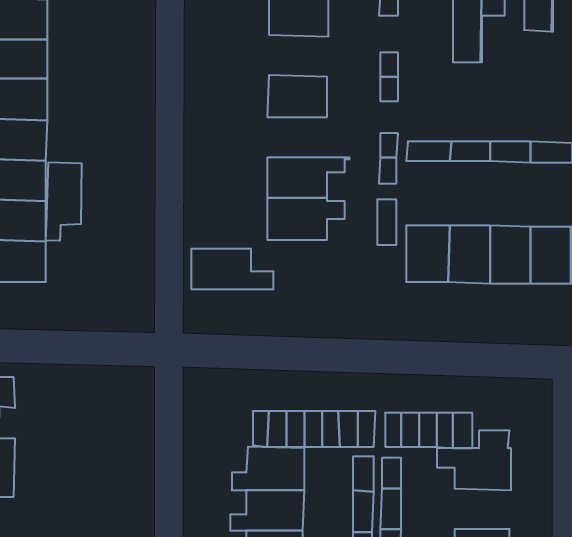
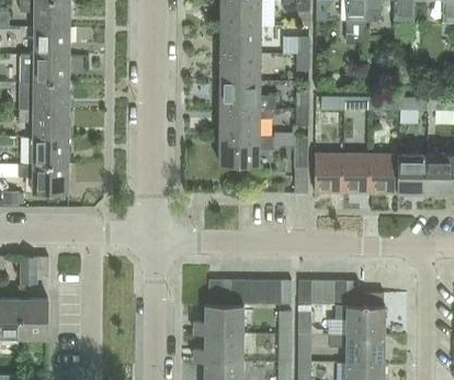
building: none -> [220,25,261,54]
building: [46,162,81,241] -> none
building: [191,249,274,289] -> [219,81,275,109]
building: none -> [329,334,385,361]

